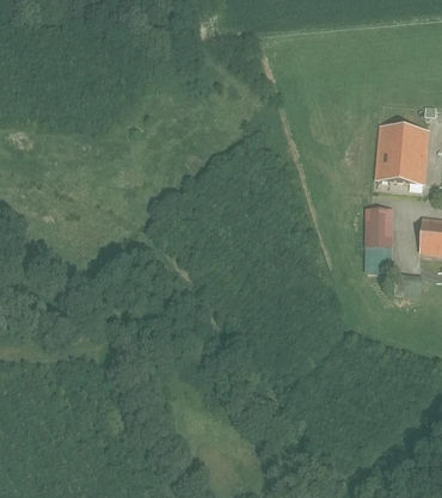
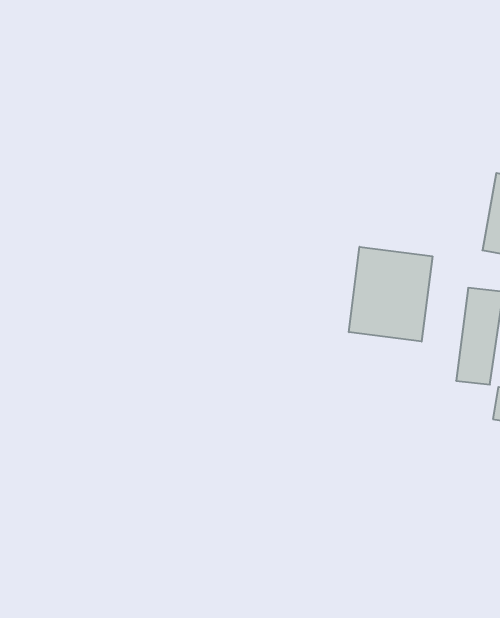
building: none -> [349,247,432,342]

